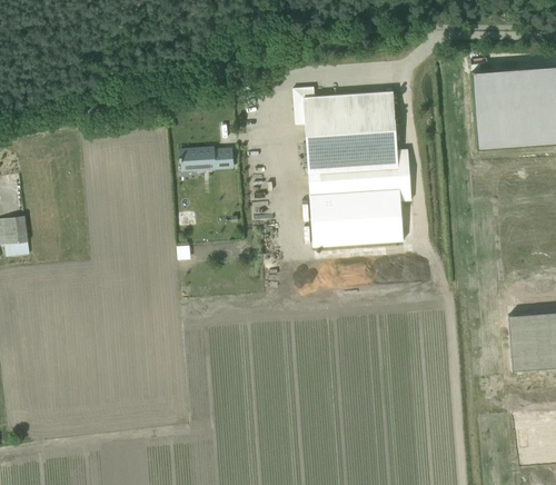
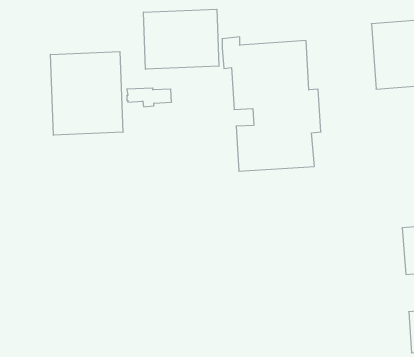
building: none -> [144,9,219,69]
building: none -> [50,52,123,135]

